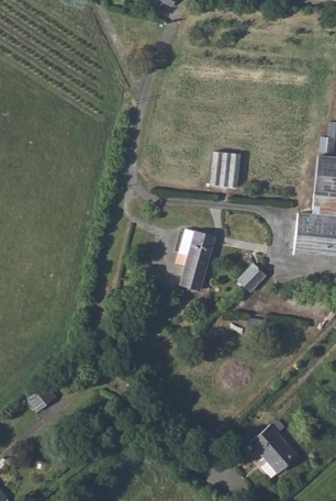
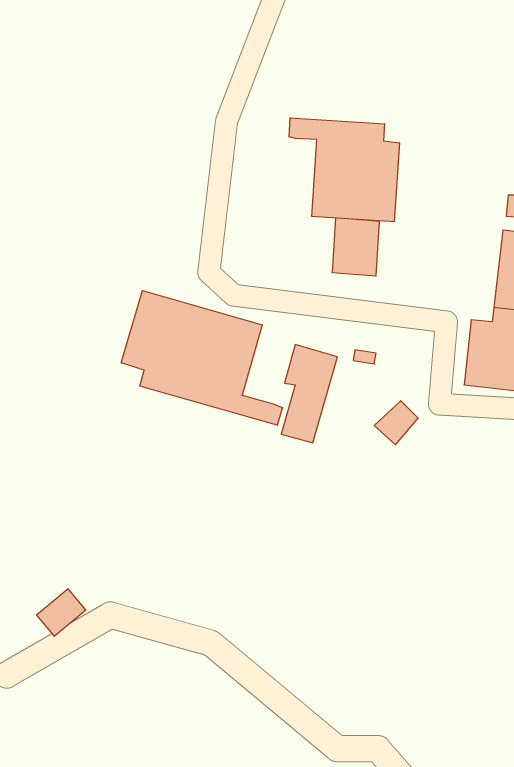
building: none -> [289,118,399,222]
building: none -> [121,291,282,425]
building: [250,421,298,472] -> none

